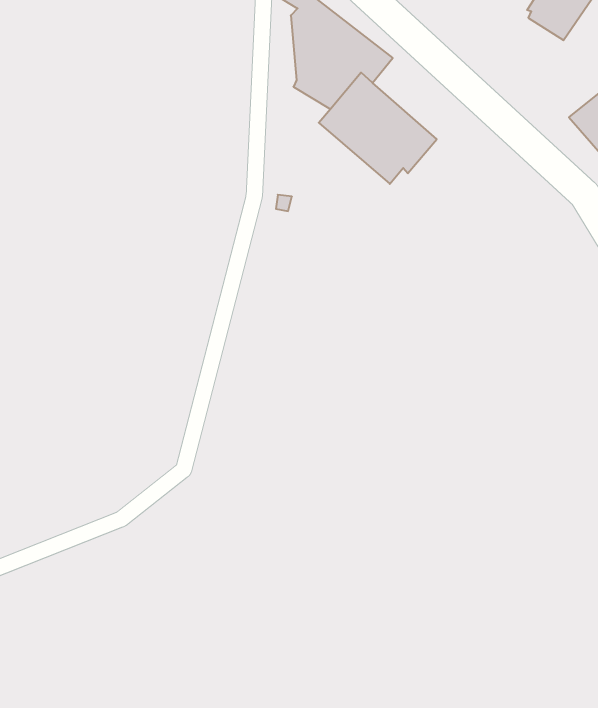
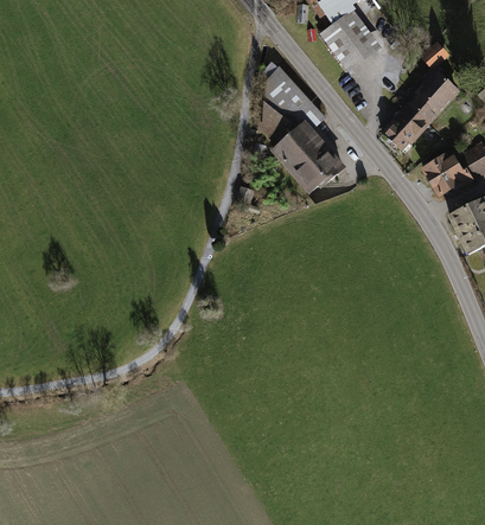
building: none -> [384,104,428,149]

